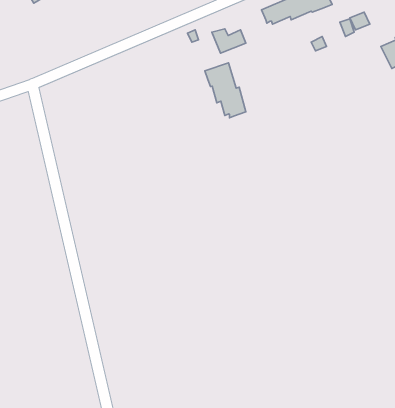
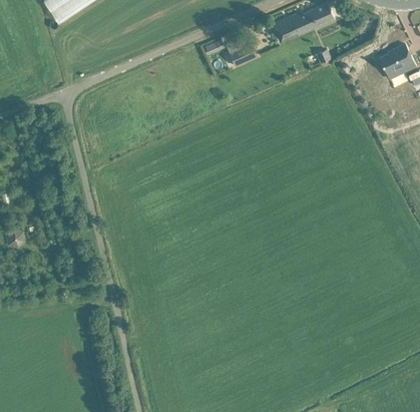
building: [205,63,246,118] -> none

